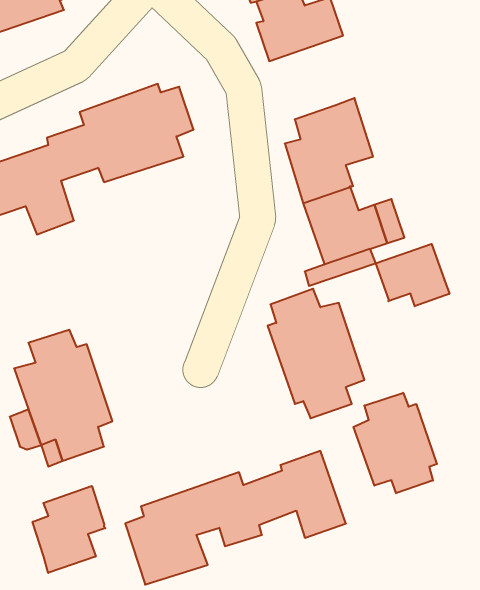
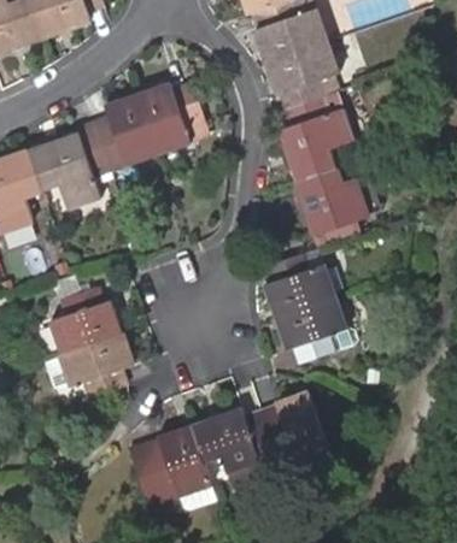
building: none -> [264,40,339,111]
building: [376,244,449,306] -> none
building: [353,393,437,493] -> none
building: [33,486,105,573] -> none

